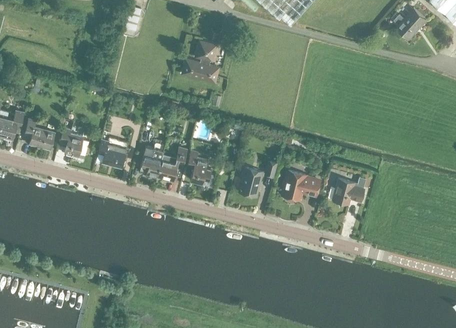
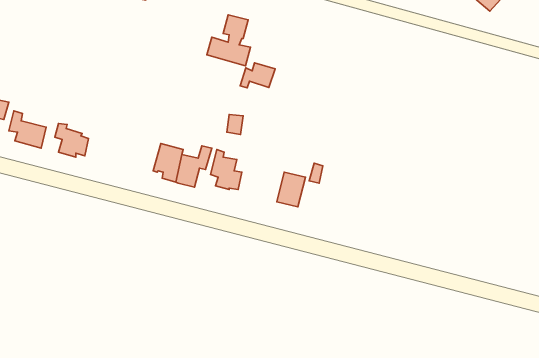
building: none -> [240,63,275,88]
building: [98,136,128,166] -> none
building: [282,170,320,199] -> none
building: [332,176,366,203] -> none

